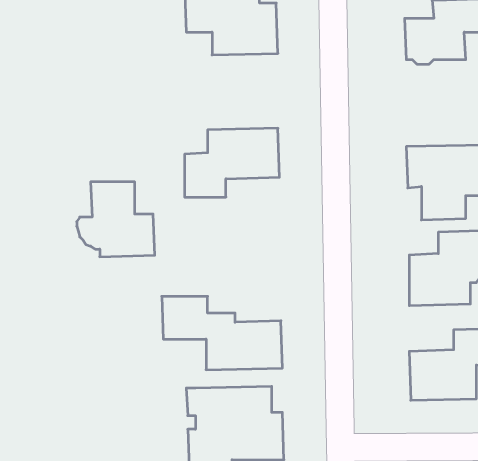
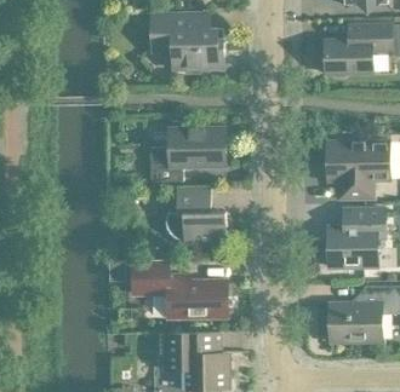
building: [77,182,155,257] -> [165,186,227,246]

